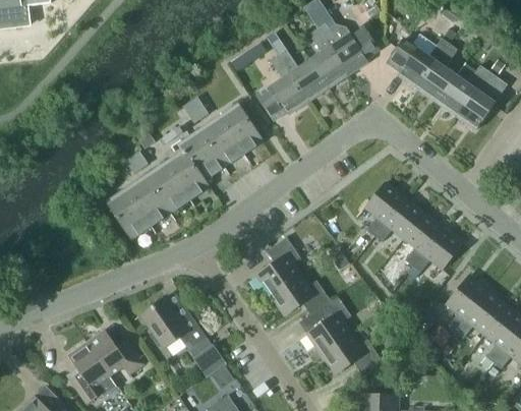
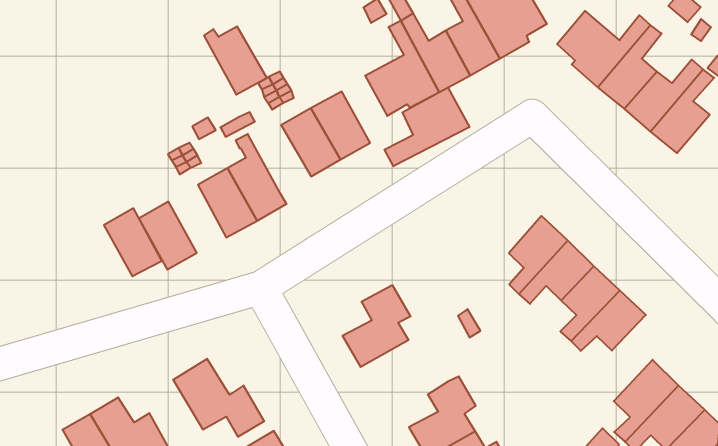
building: none -> [384,87,469,166]
building: [178,133,224,180] -> [204,27,267,95]
building: [127,179,169,226] -> [104,208,162,276]
building: [269,274,330,316] -> none

